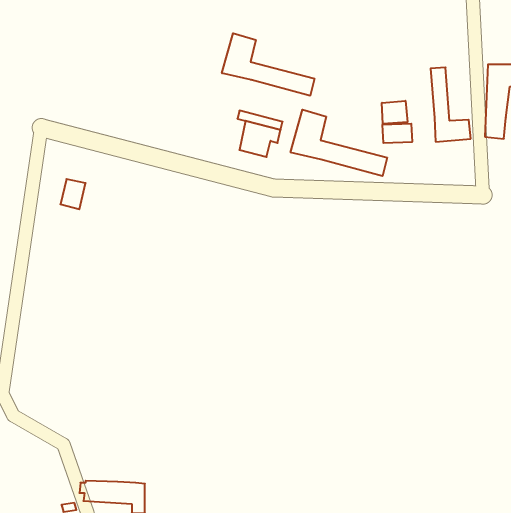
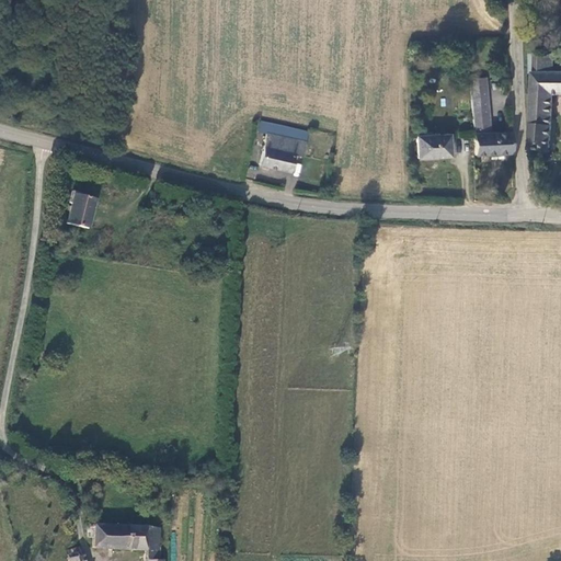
building: [222,33,314,96] -> none
building: [382,101,408,124] -> none
building: [291,110,387,176] -> none

